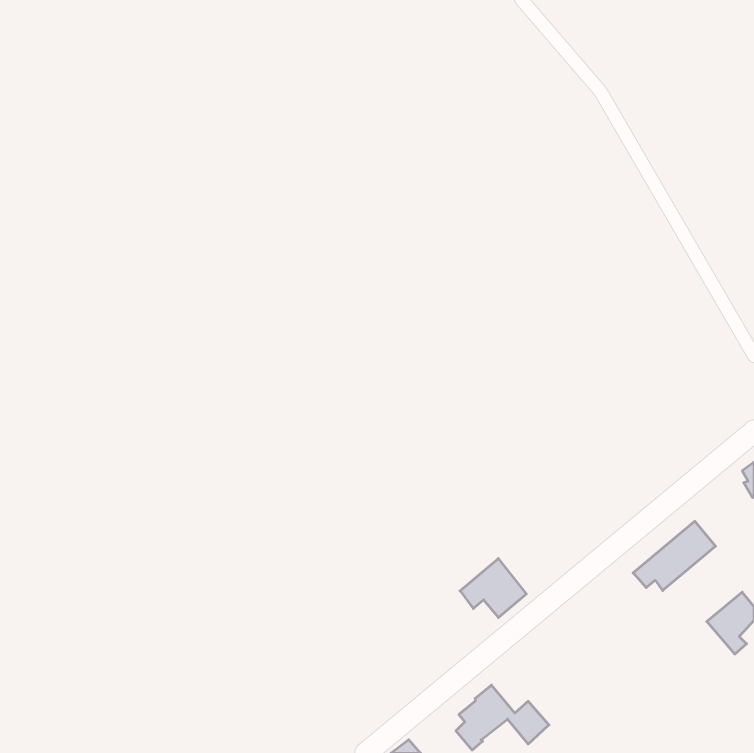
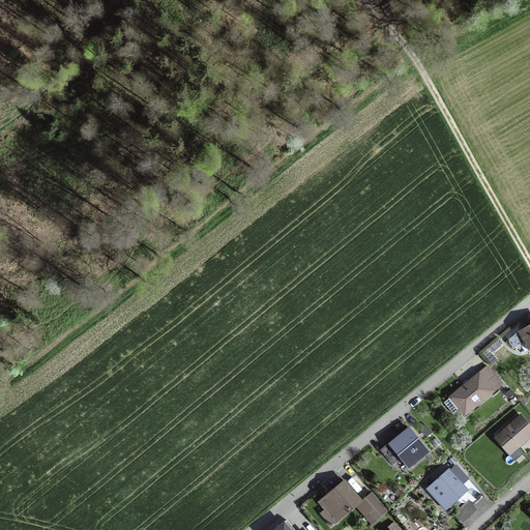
building: [460,558,526,618] -> [382,426,429,468]
building: none -> [428,466,482,505]

